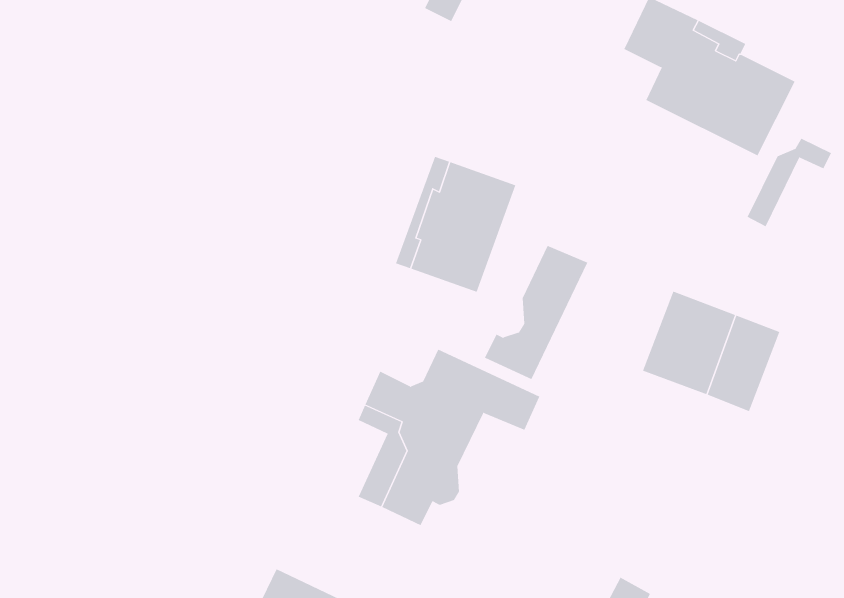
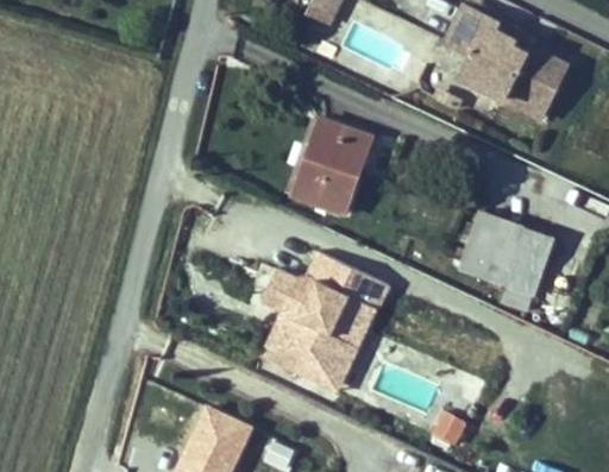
building: [747,138,832,227] -> none
building: [484,245,588,380] -> [304,298,377,392]

